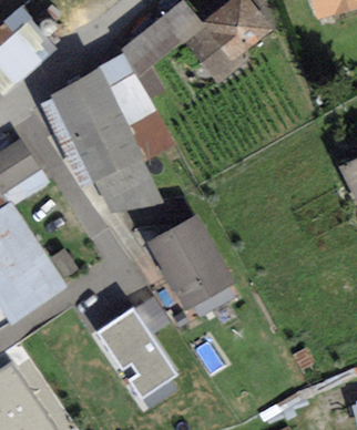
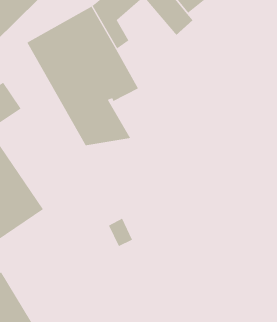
building: [145,214,235,310] -> none
building: [93,306,177,400] -> none

